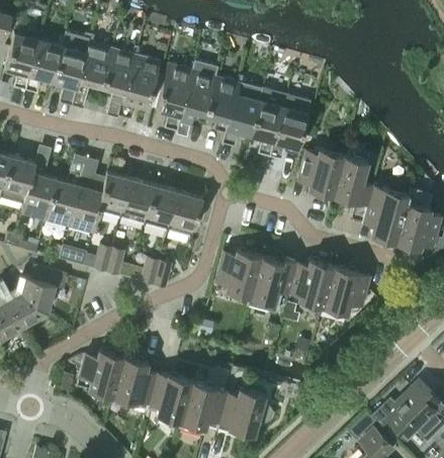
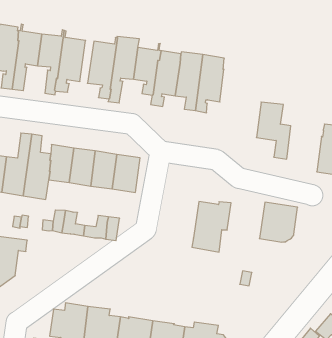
building: [299,148,345,193] -> none
building: [365,185,410,240] -> none
building: [216,249,262,295] -> none
building: [289,259,335,313] -> none

